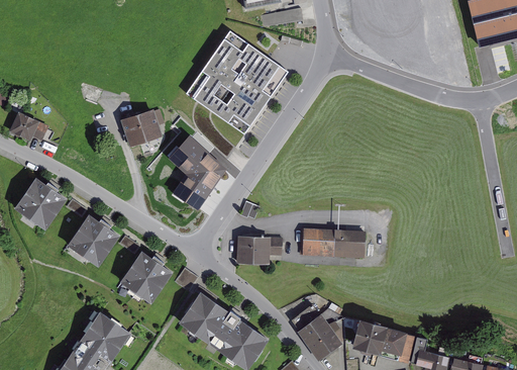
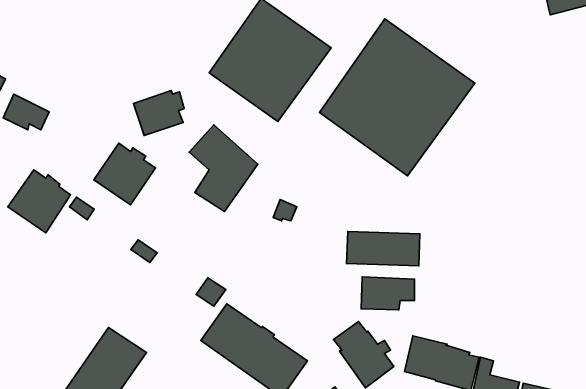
building: none -> [319,19,475,176]
building: [67,213,119,266] -> [94,143,155,205]
building: [236,236,282,264] -> [361,277,414,310]
building: [119,250,173,303] -> none

